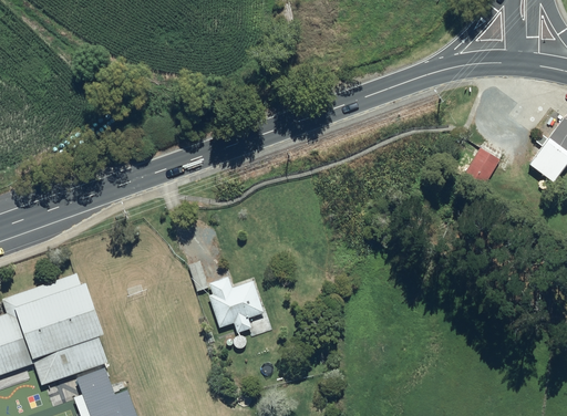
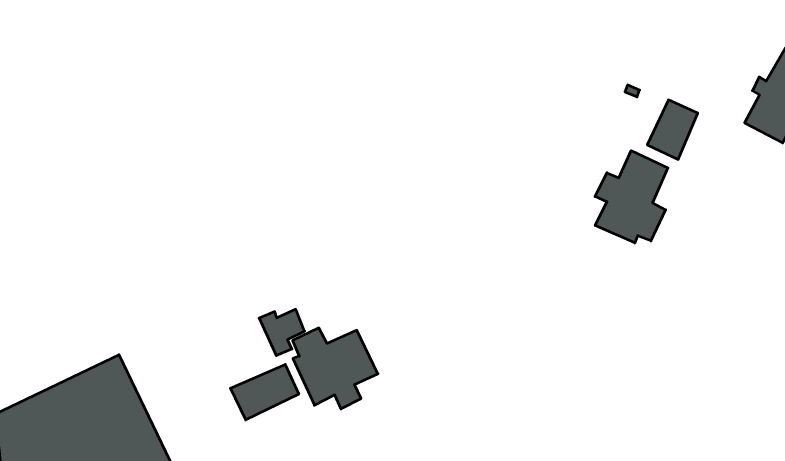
building: none -> [595,151,668,243]
building: none -> [230,364,299,420]

